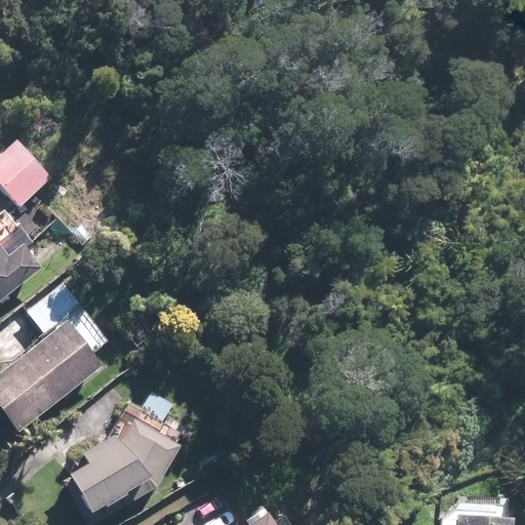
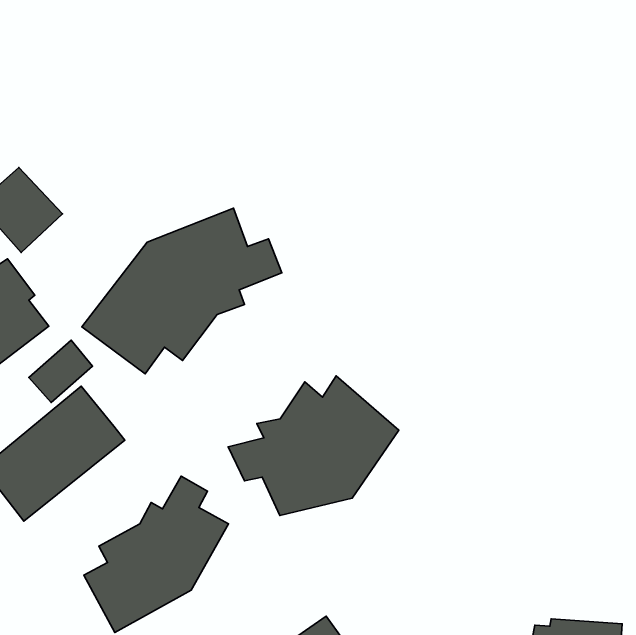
building: none -> [82,208,282,374]
building: none -> [228,376,399,516]

